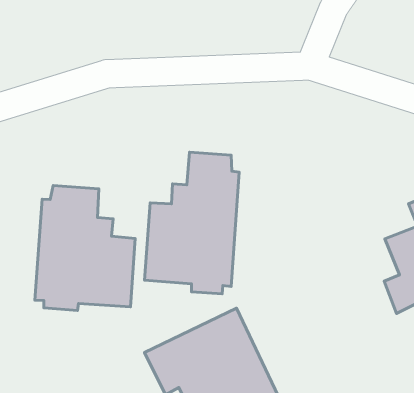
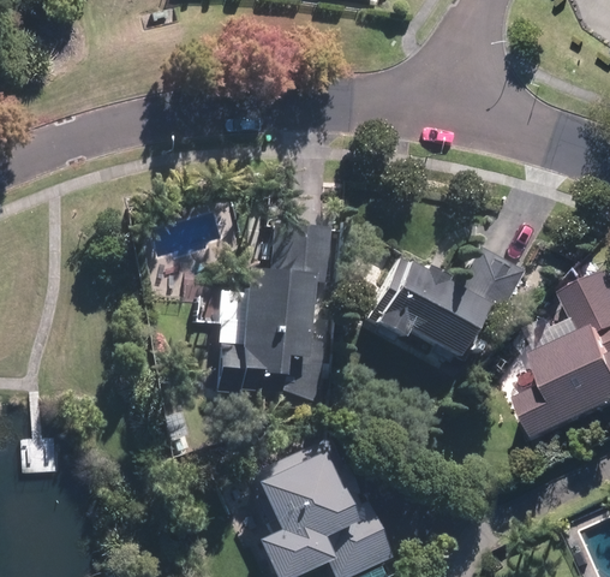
building: none -> [366,244,524,355]
building: [35,185,135,310] -> none

